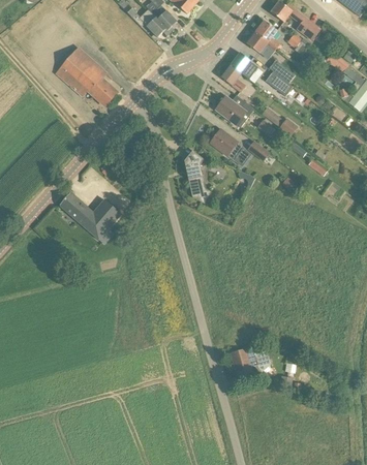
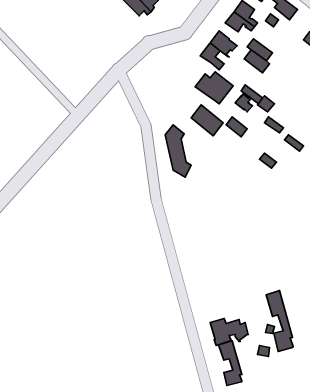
building: [59,44,119,103] -> none
building: [59,192,119,243] -> none
building: none -> [266,290,293,351]
building: none -> [219,341,242,385]

